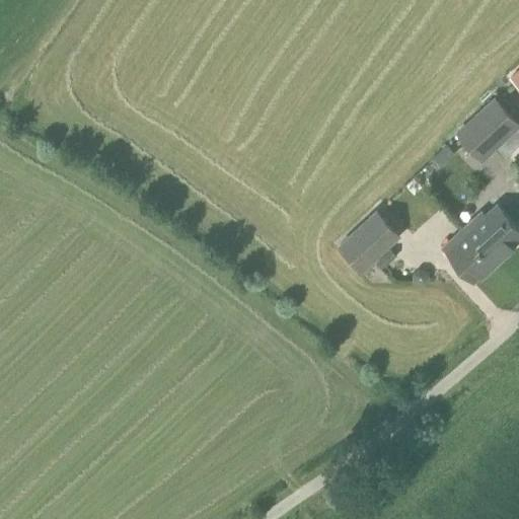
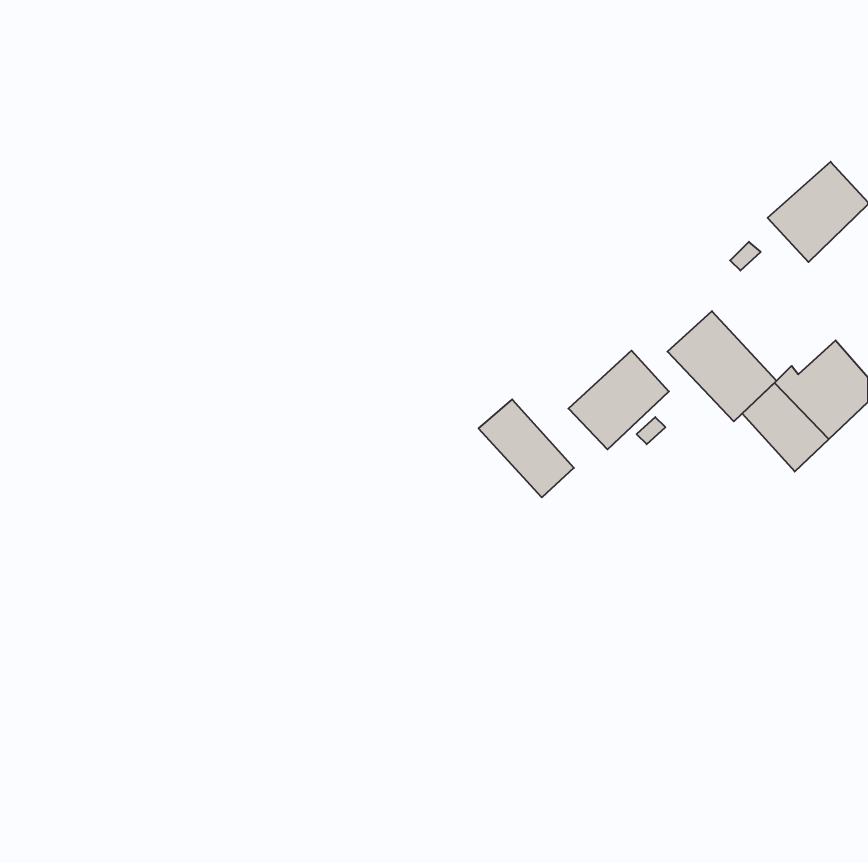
building: none -> [667,311,777,421]
building: none -> [479,399,574,497]

